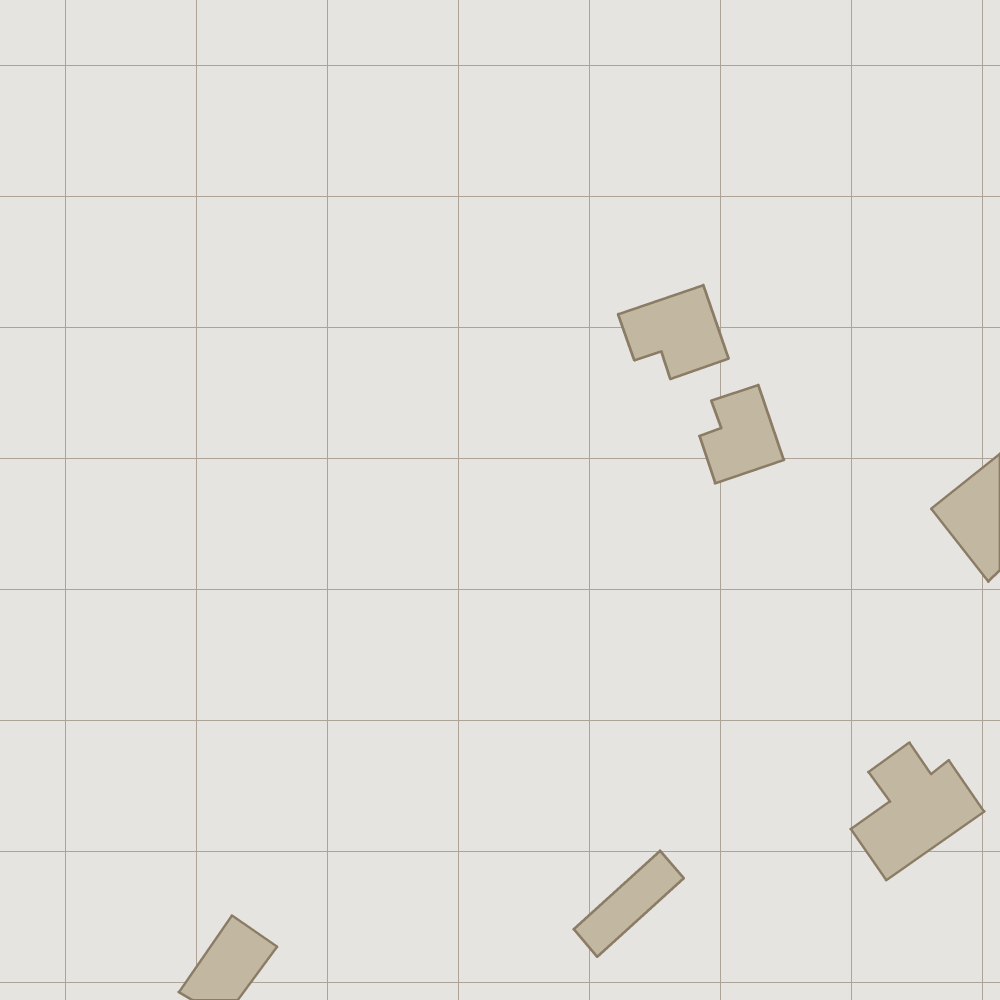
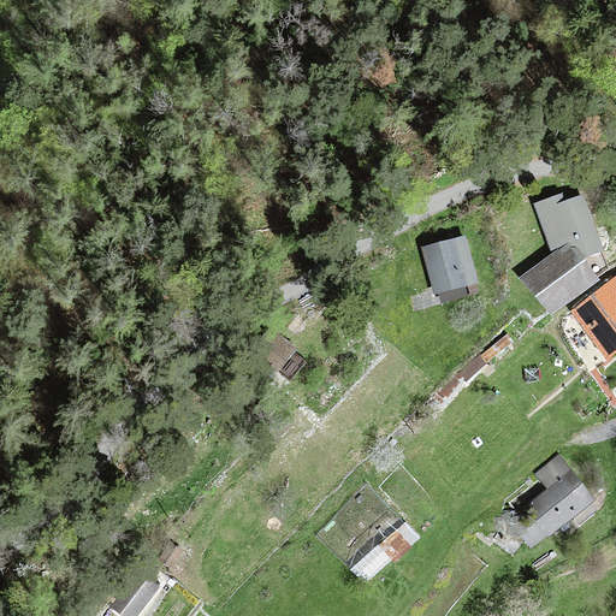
building: [618,285,728,379] -> none
building: none -> [520,192,605,313]

